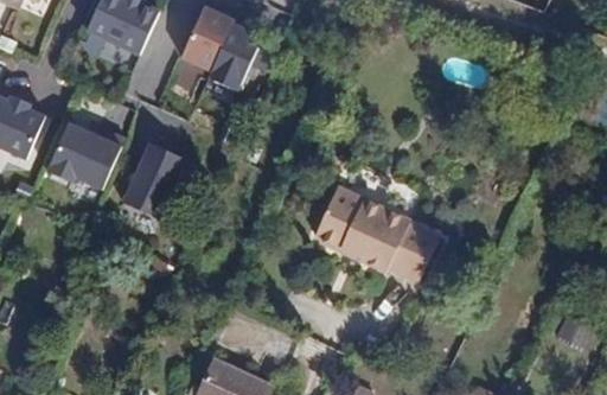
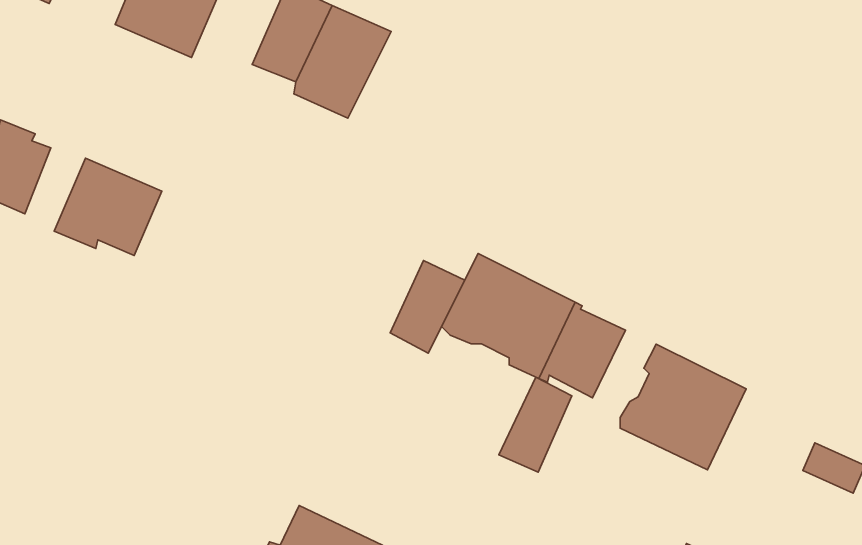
building: [122,141,183,216] -> none
building: none -> [390,260,465,353]
building: none -> [620,344,746,470]
building: none -> [499,377,572,472]

